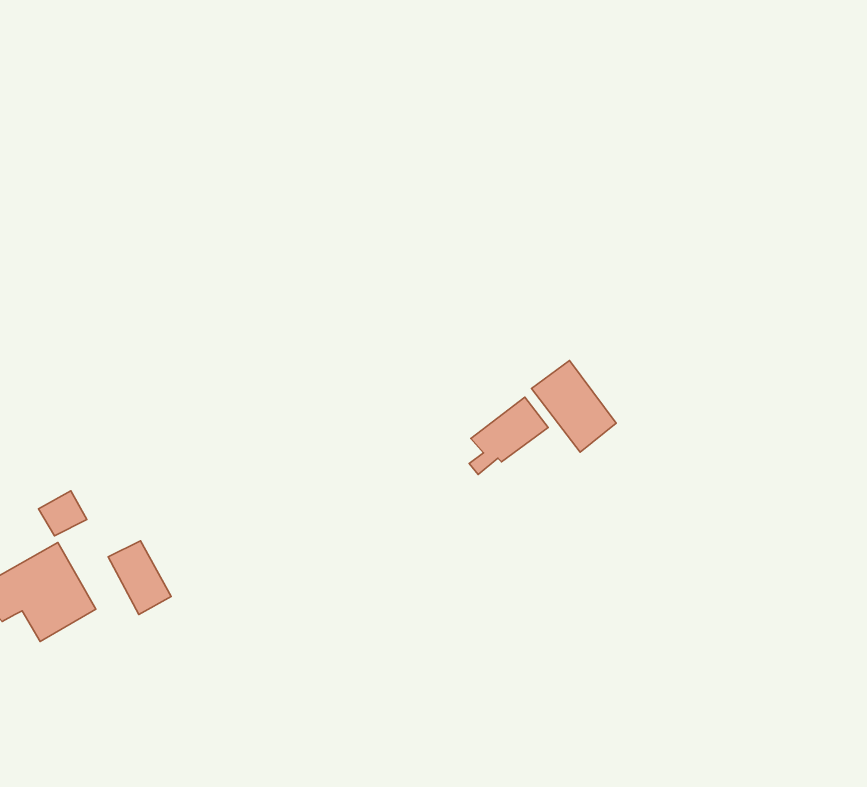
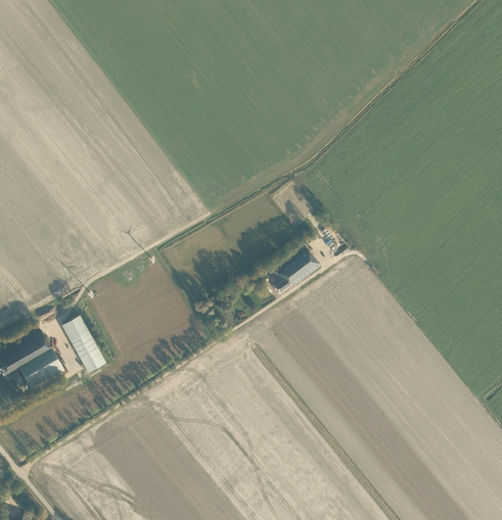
building: [532,361,616,452] -> none
building: [38,491,87,536] -> [60,315,88,340]

